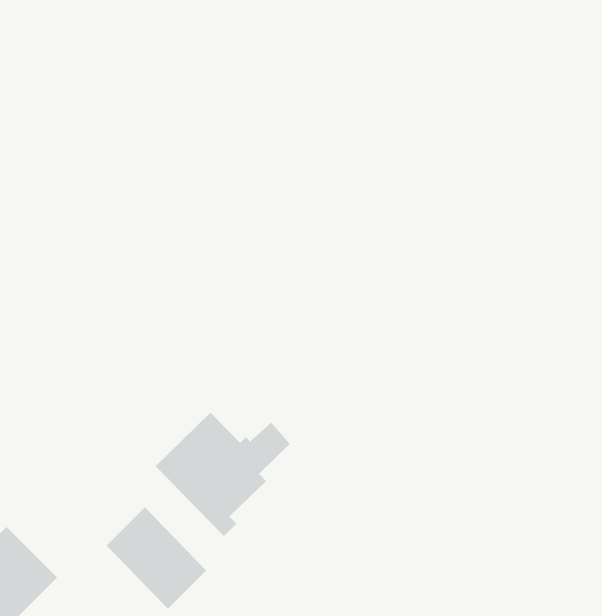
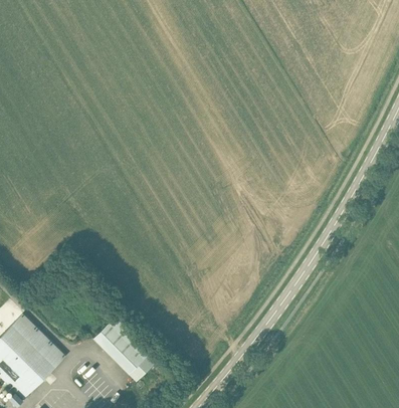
building: [155,412,291,537] -> none

